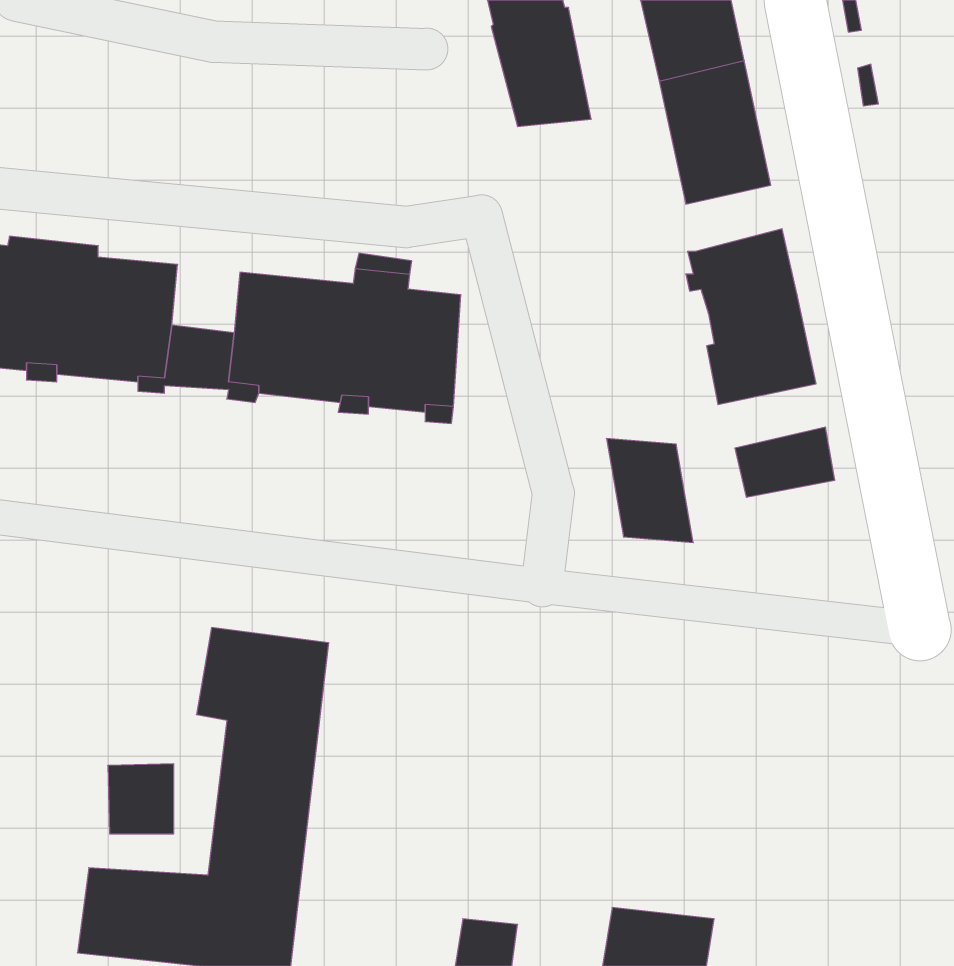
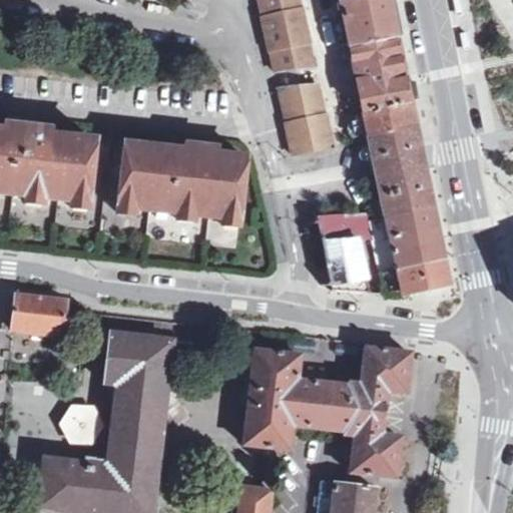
building: none -> [278,80,329,148]
building: none -> [364,98,415,133]
building: none -> [381,203,438,237]
building: none -> [319,207,373,236]
building: none -> [380,254,449,290]
building: none -> [14,296,67,338]
building: none -> [246,347,413,476]

